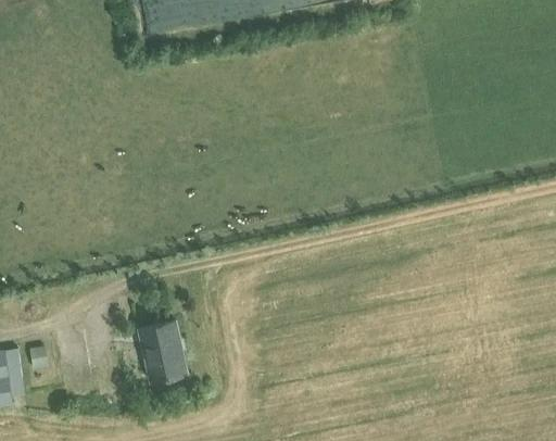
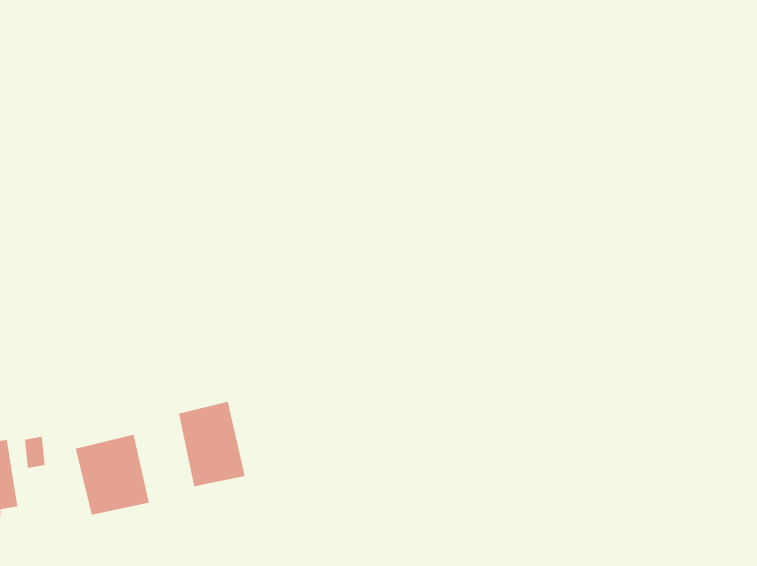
building: none -> [75,434,149,515]

